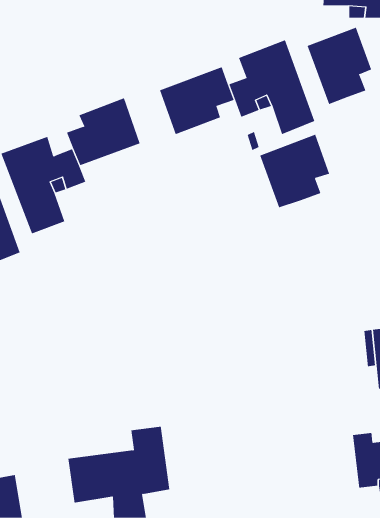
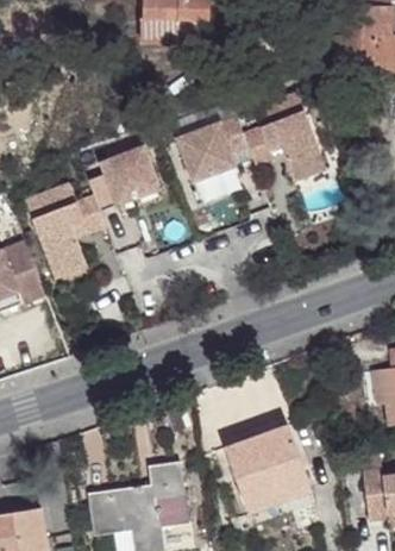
building: [307,27,372,105] -> none
building: [259,134,330,208] -> none
building: none -> [221,424,312,515]

